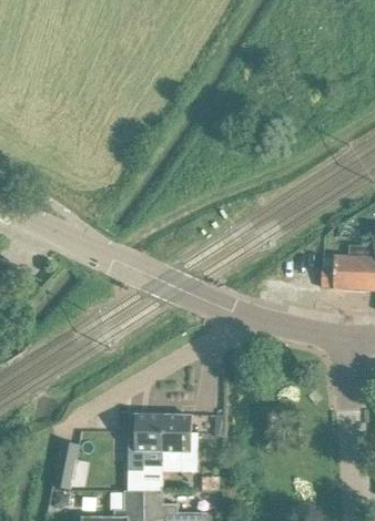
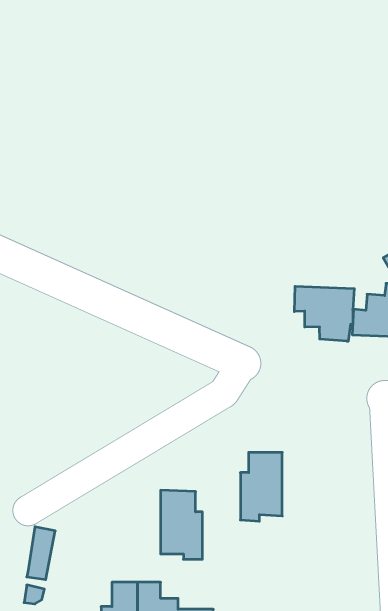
building: none -> [294,286,354,341]
building: [130,415,164,471] -> [240,452,282,521]

